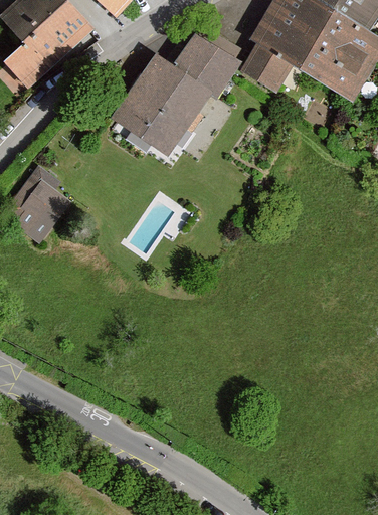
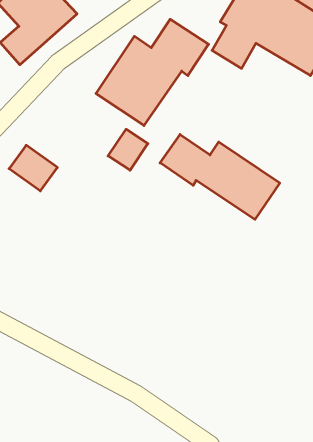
building: none -> [108,129,148,170]
building: none -> [160,134,280,219]

